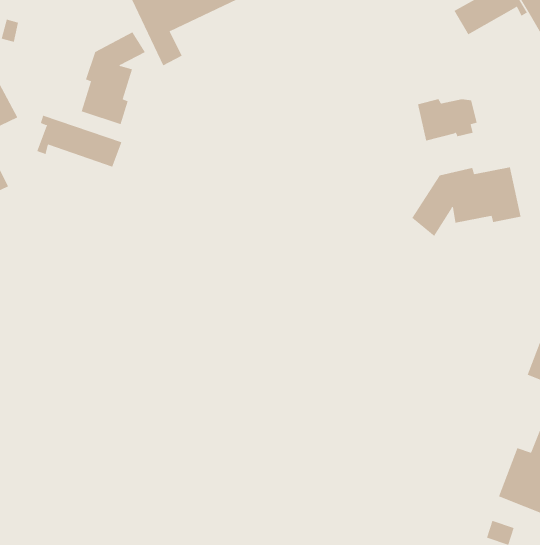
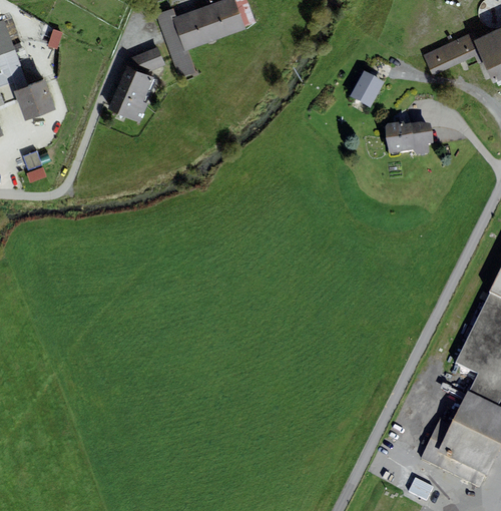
building: none -> [351,74,384,110]
building: [36,115,122,167] -> none
building: [412,166,521,237] -> none

